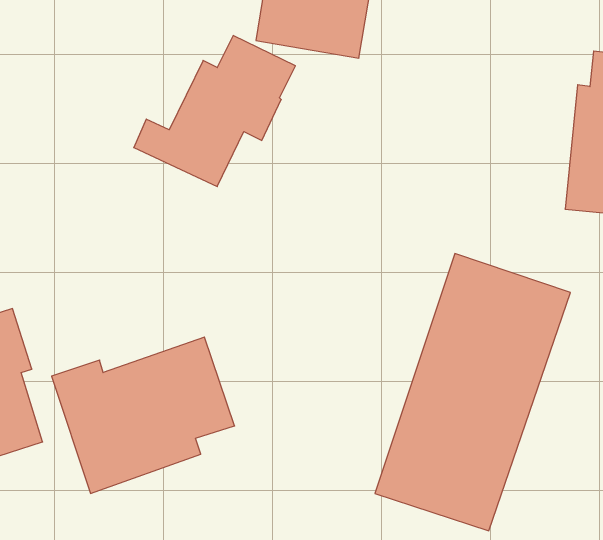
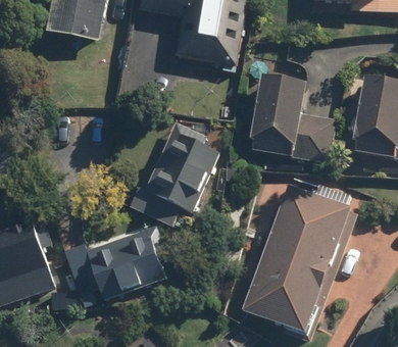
building: [134,36,295,187] -> [126,137,218,224]
building: none -> [248,77,334,162]

